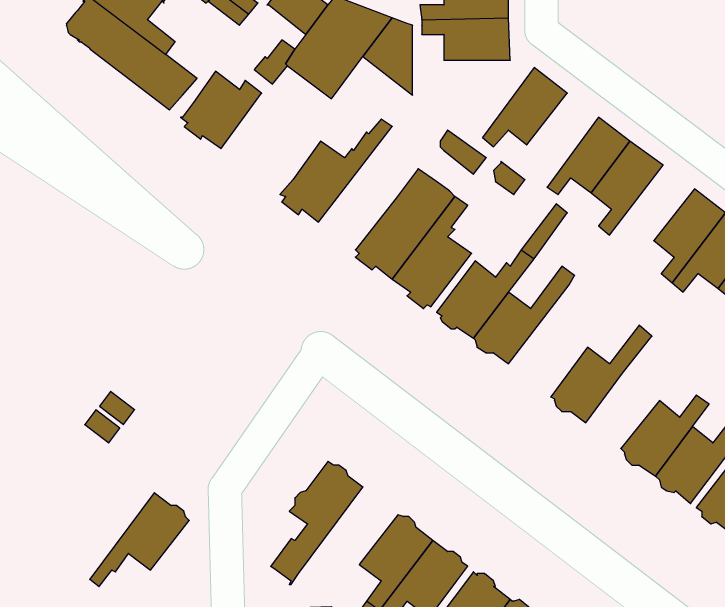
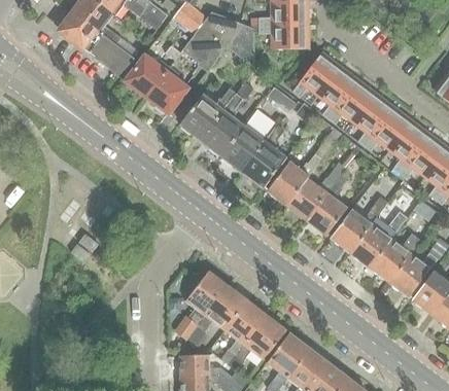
building: none -> [146,67,188,114]
building: none -> [317,67,357,119]
building: none -> [201,82,253,156]
building: none -> [364,107,411,150]
building: none -> [307,174,347,234]
building: none -> [350,213,406,265]
building: [90,493,189,587] -> [189,287,245,340]

